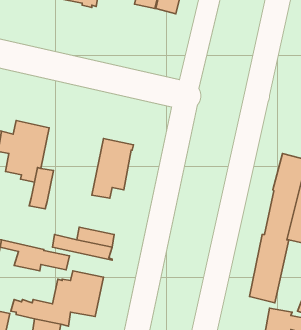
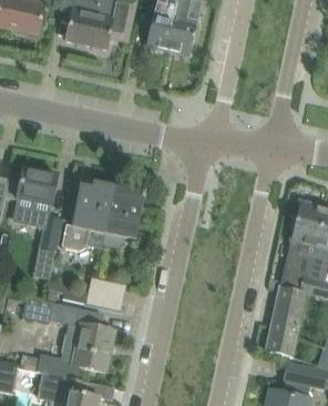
building: none -> [62,181,114,248]

